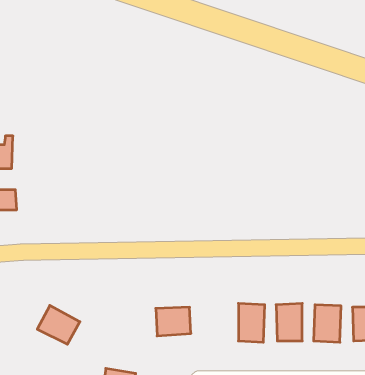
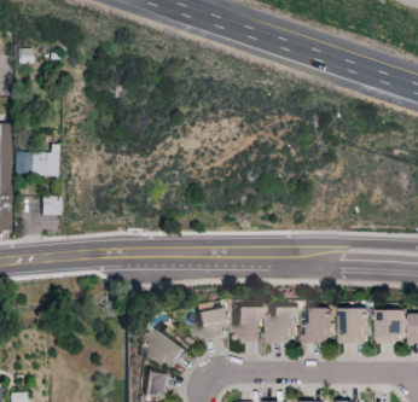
building: none -> [237,307,263,340]
building: [37,305,80,344] -> [147,328,188,366]

